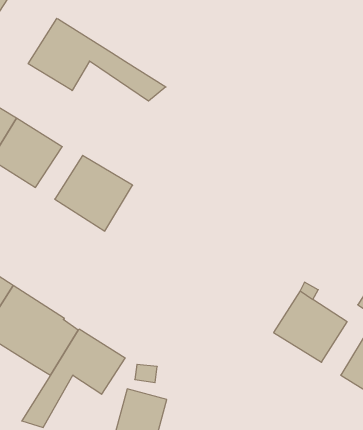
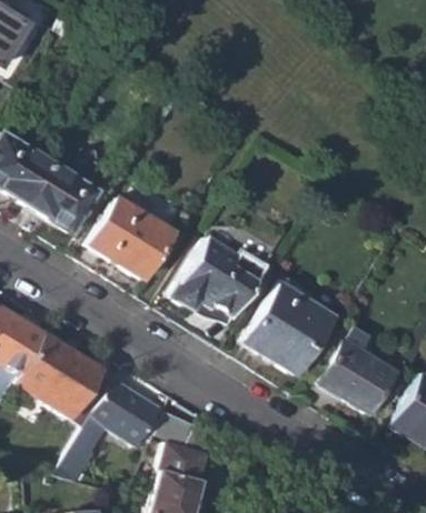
building: [28,18,166,101] -> none
building: none -> [171,234,274,318]
building: none -> [246,278,333,375]

